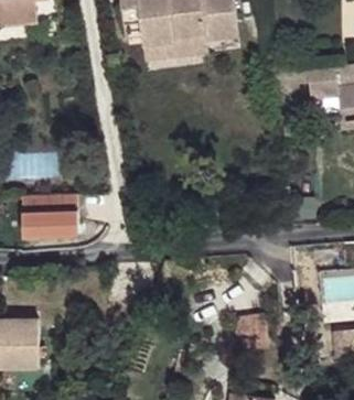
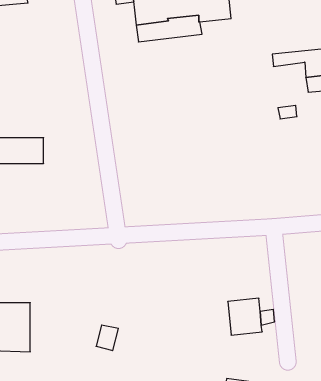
building: [22,193,78,236] -> none

